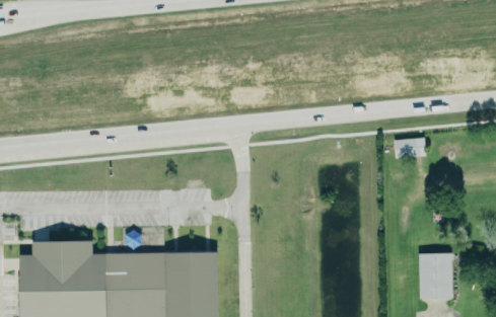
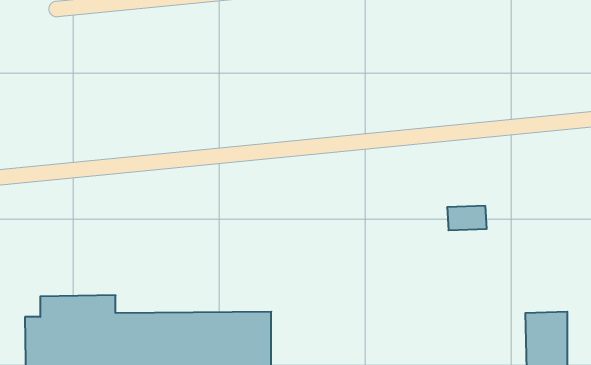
building: [394,139,425,158] -> [447,206,487,230]

